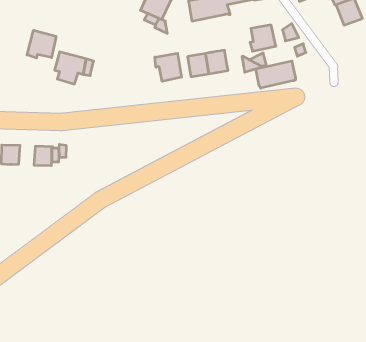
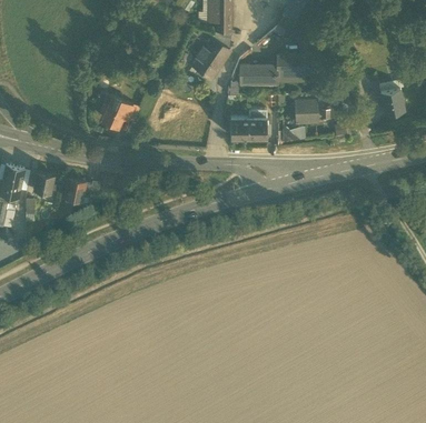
building: [27,30,56,58] -> none
building: [155,53,182,81] -> none
building: [256,61,295,88] -> none

